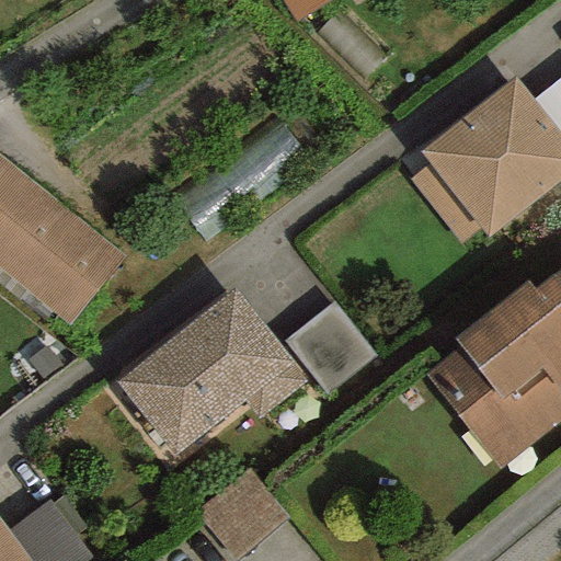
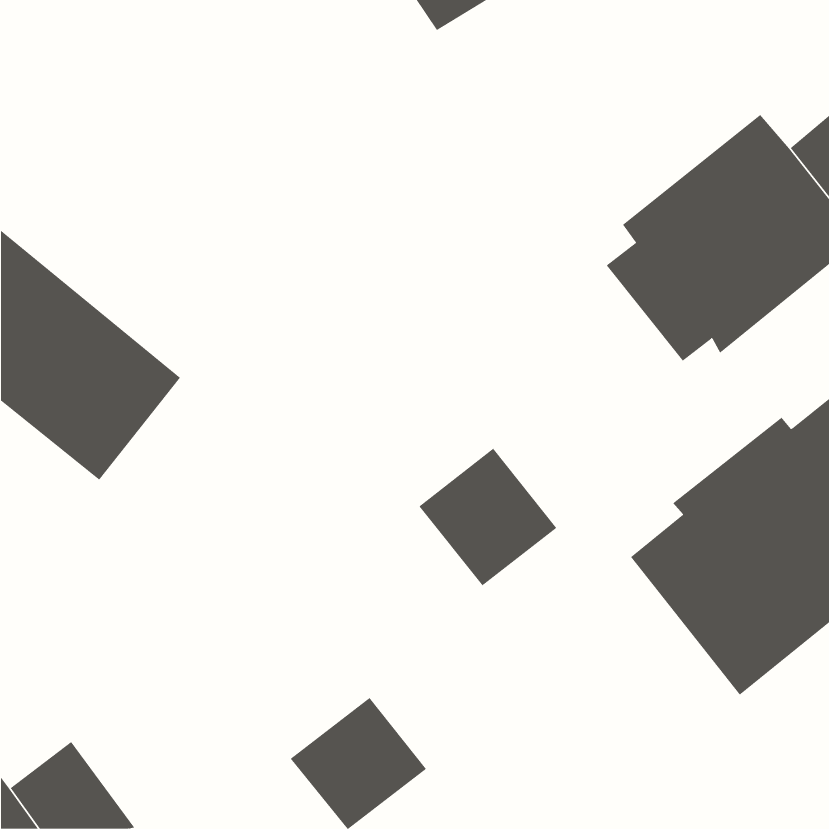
building: [117,289,307,455] -> none

